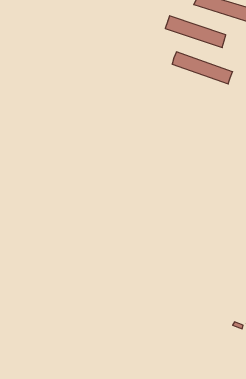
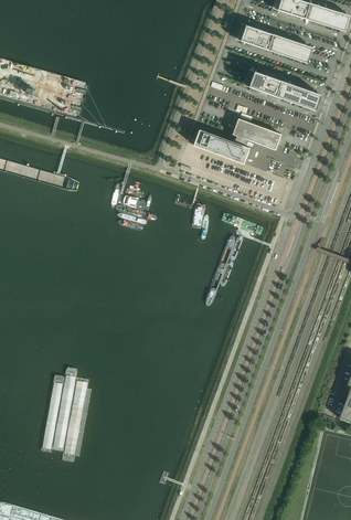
building: none -> [194,119,283,165]

